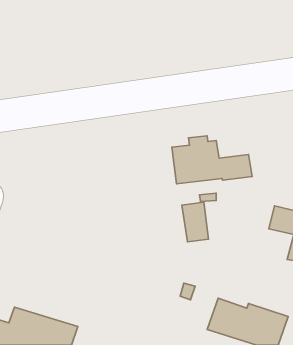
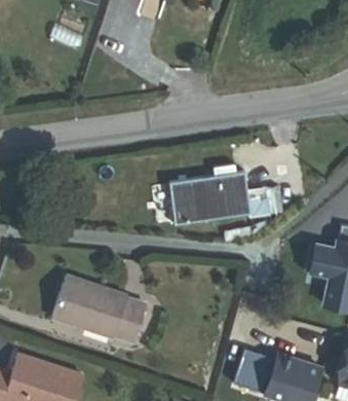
building: [182,202,209,242] -> [170,179,200,223]
building: none -> [57,278,146,339]

